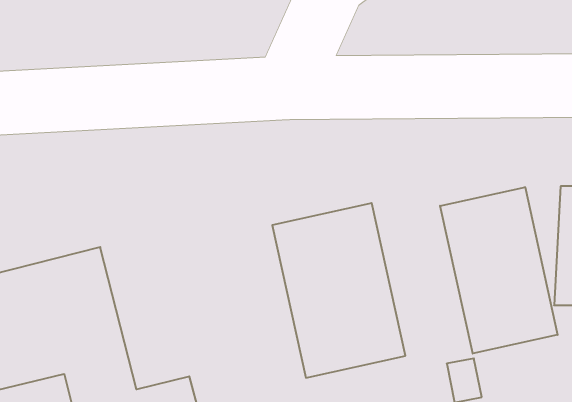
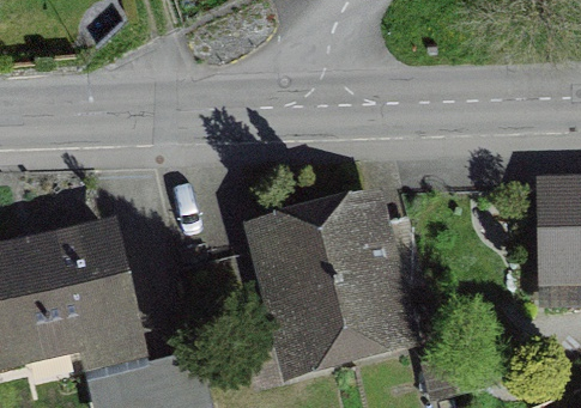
building: [440,187,558,354] -> none

